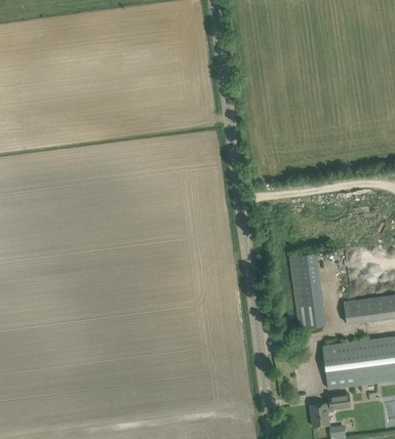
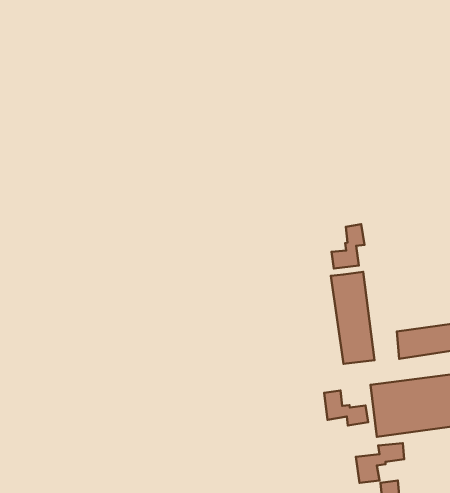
building: none -> [332,224,364,268]
building: none -> [324,390,368,426]

